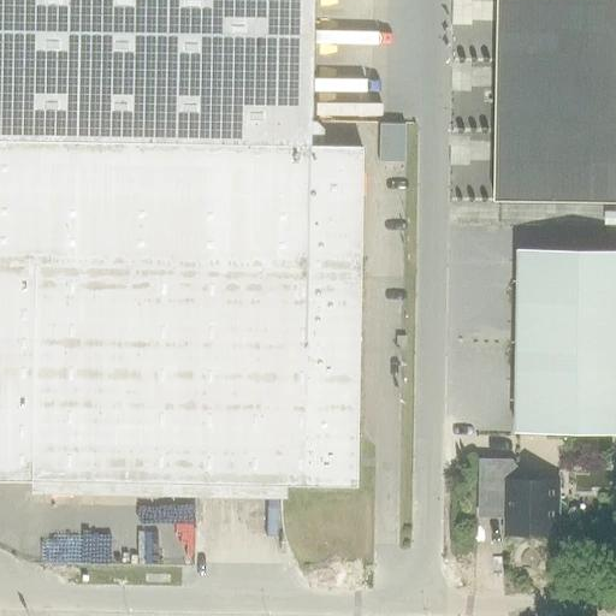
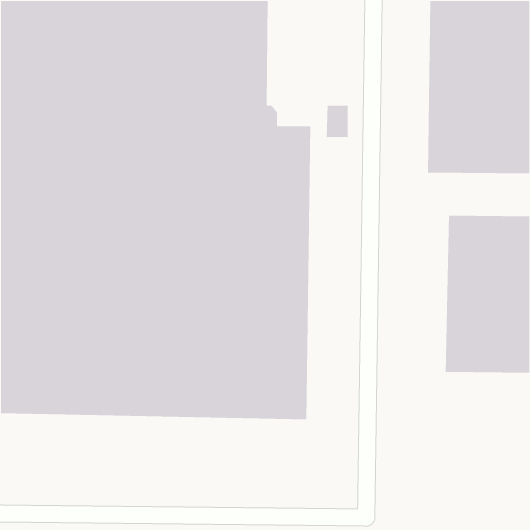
building: [481,462,558,533] -> none

